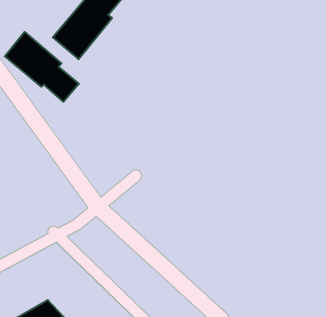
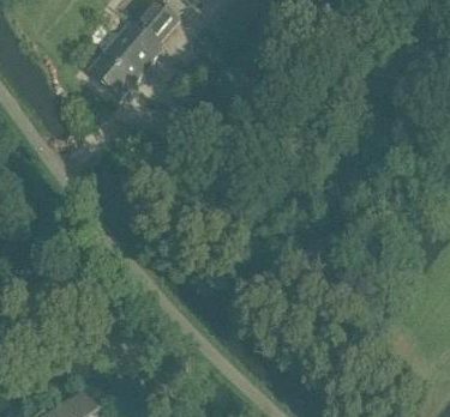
building: [5,32,79,102] -> none

